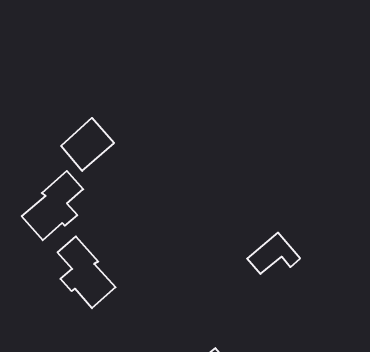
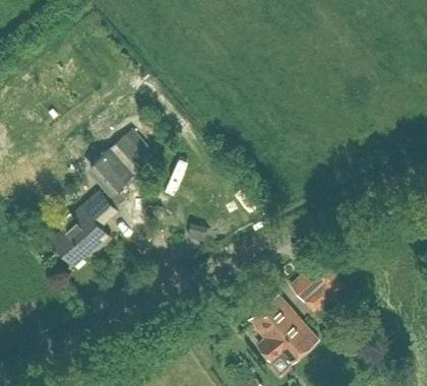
building: [58,236,116,308] -> none
building: none -> [250,297,317,376]

